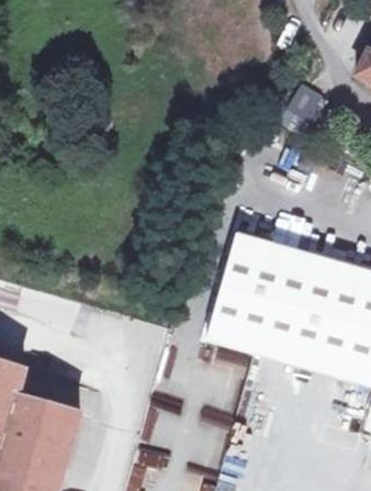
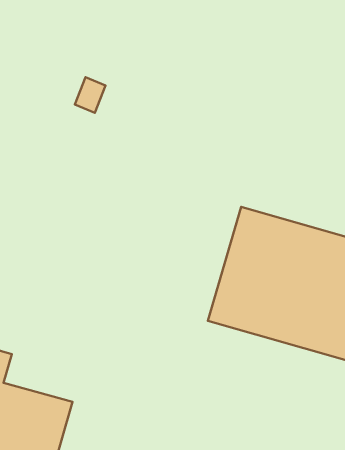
building: [278,82,317,134] -> none

